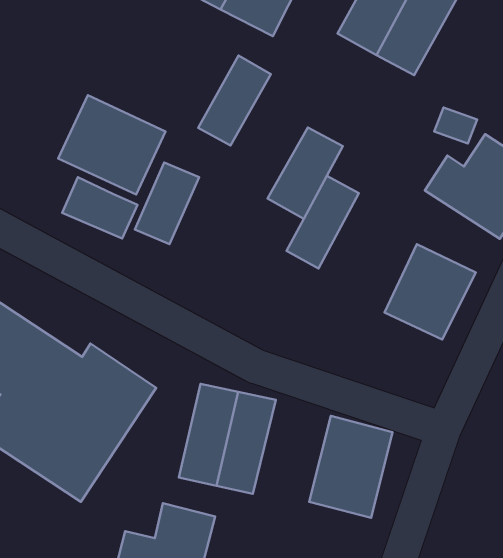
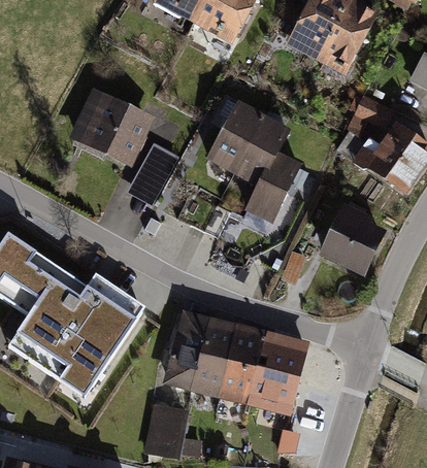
building: [198,55,271,145] -> [204,100,260,169]
building: [62,177,138,239] -> none
building: none -> [218,324,263,403]

